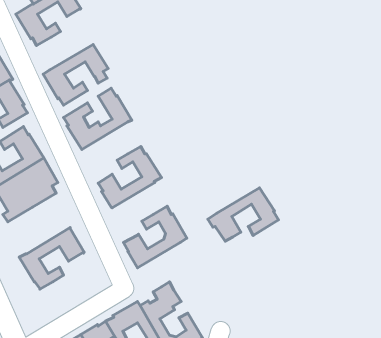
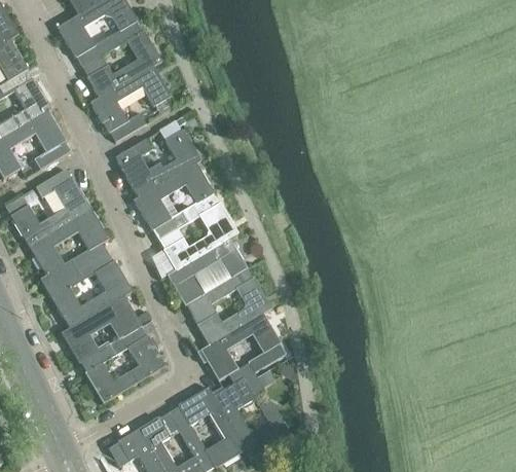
building: none -> [82,22,161,98]
building: none -> [134,162,214,240]
building: none -> [167,239,247,314]
building: [208,188,279,241] -> [197,314,286,380]
building: none -> [46,252,133,328]
building: none -> [84,326,165,403]

